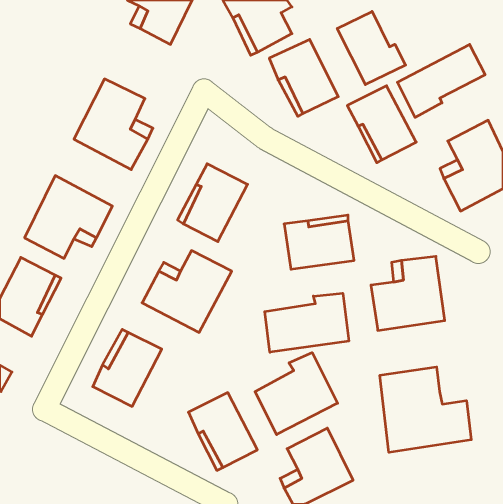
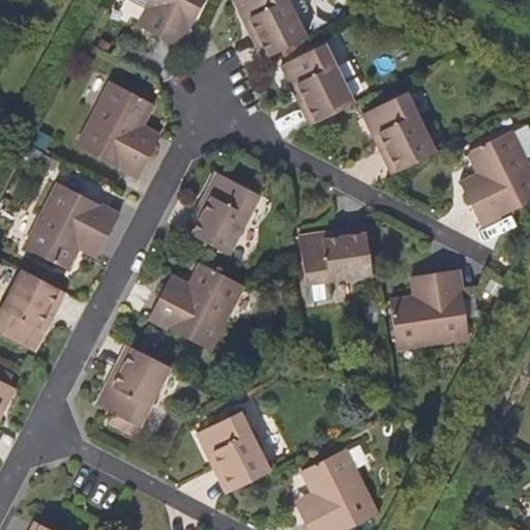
building: [337,11,406,85] -> none
building: [397,44,485,117] -> none
building: [265,293,349,352] -> none
building: [255,353,338,435] -> none
building: [380,367,471,452] -> none

